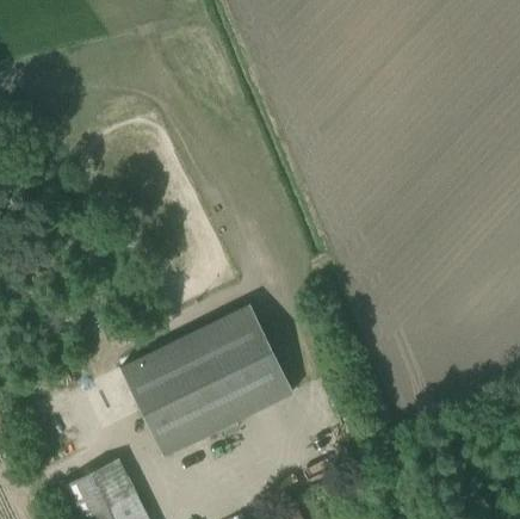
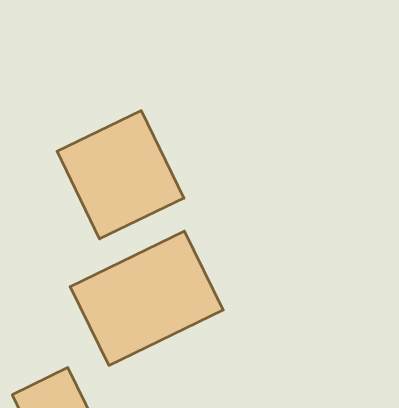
building: none -> [57,111,184,239]

